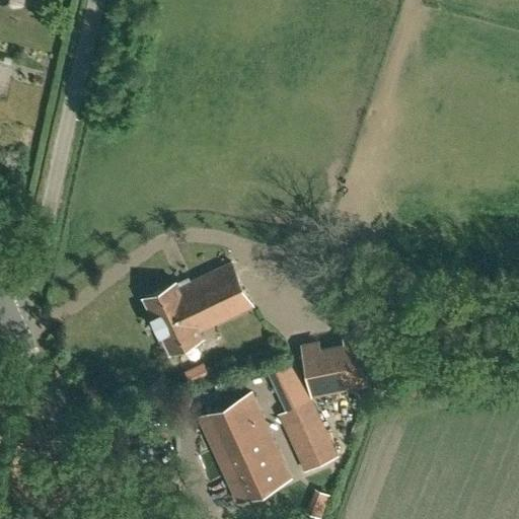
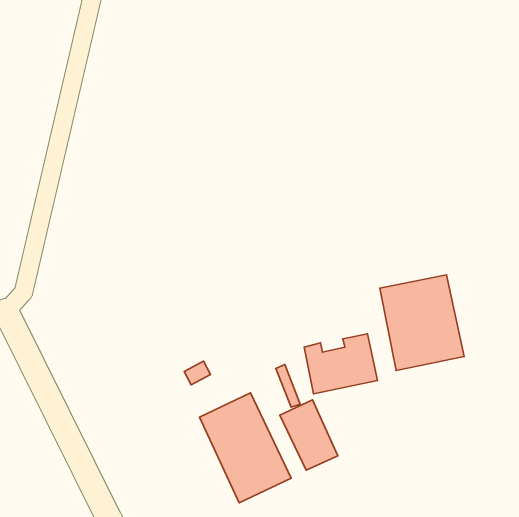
building: [144,264,251,353] -> none
building: none -> [380,275,464,370]

